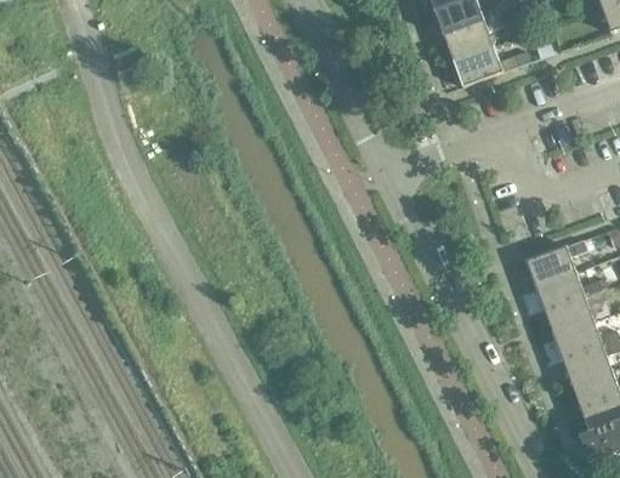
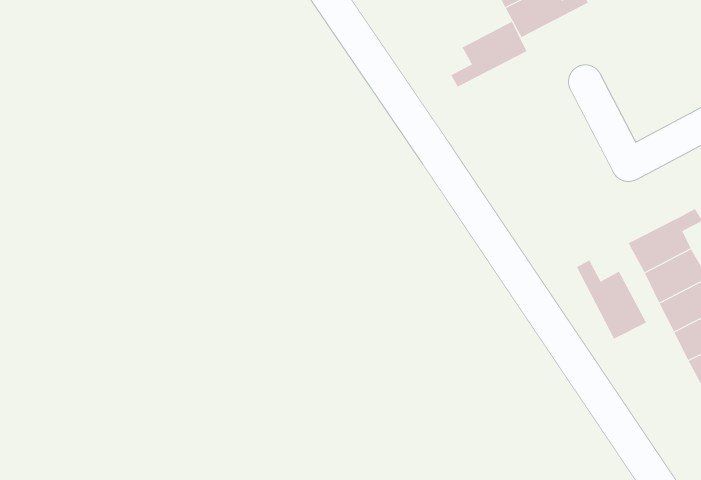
building: none -> [451,21,527,88]
building: none -> [576,259,647,339]

